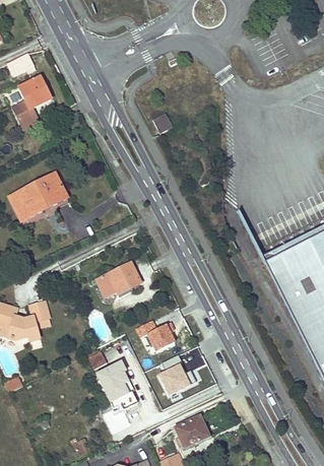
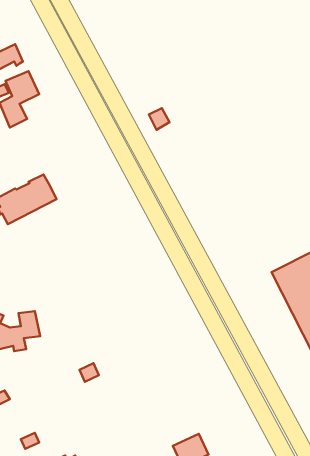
building: [96,262,140,296] -> none
building: [135,319,176,349] -> none
building: [157,353,195,392] -> none
building: [95,360,136,408] -> none

